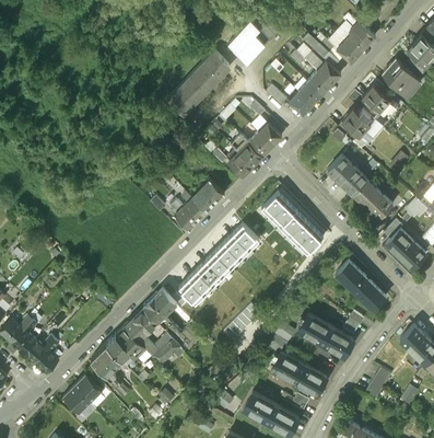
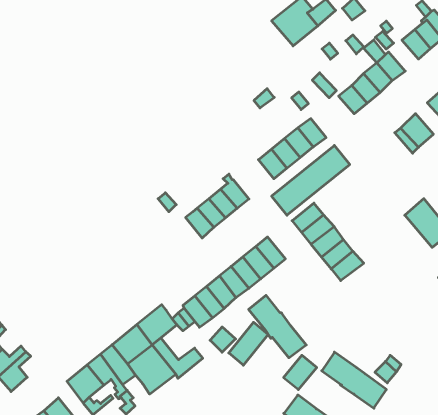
building: [167,54,228,115] -> [272,145,350,215]
building: [328,155,367,195] -> none
building: [336,261,386,310] -> [249,295,306,358]

